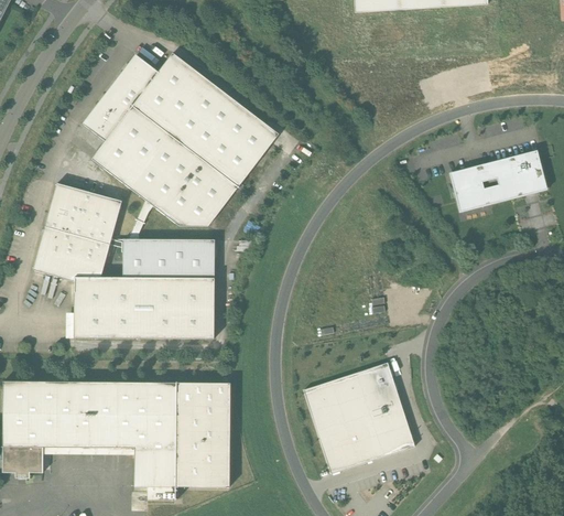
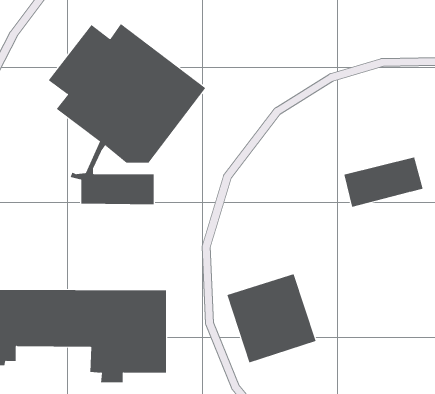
building: [448,149,547,212] -> [344,157,424,207]
building: [33,182,214,337] -> none

